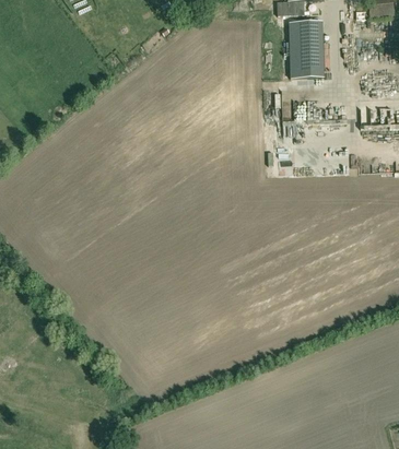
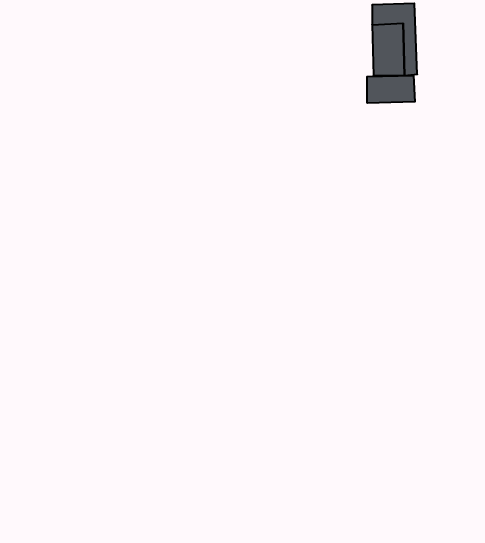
building: none -> [367,75,415,103]

